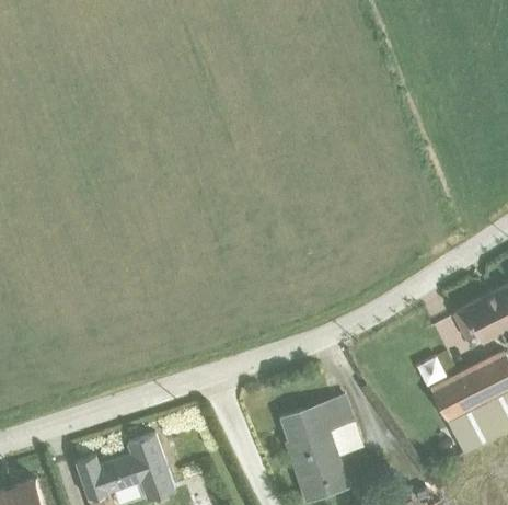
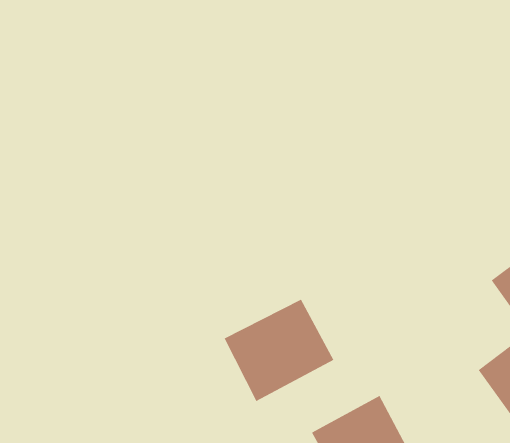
building: none -> [224,299,334,402]

